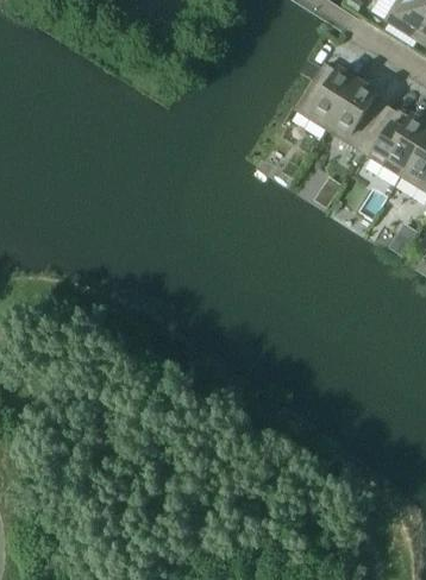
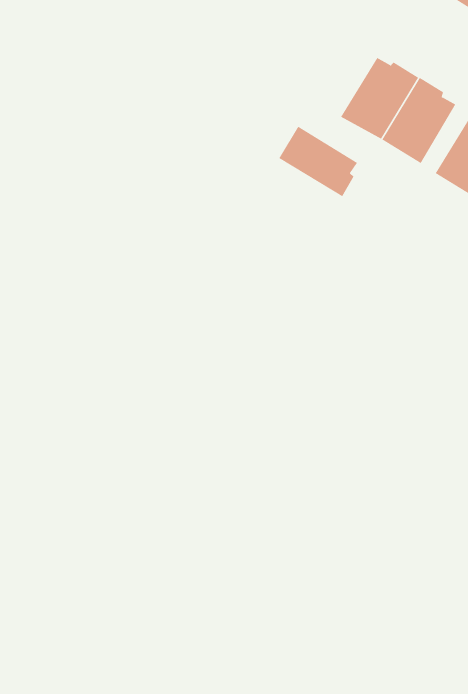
building: none -> [279,126,358,199]

